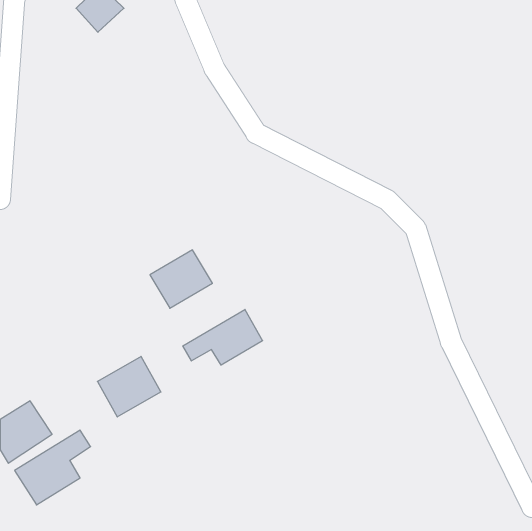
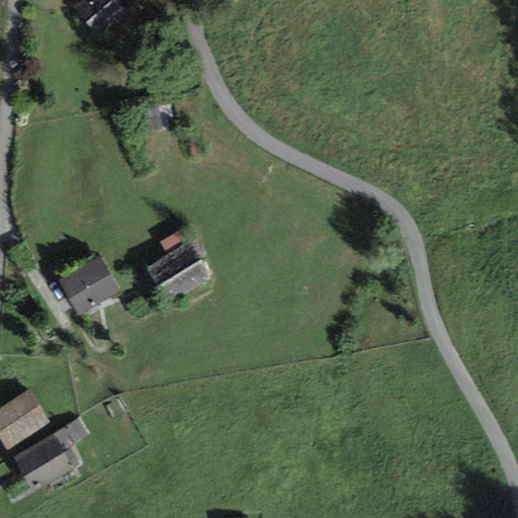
building: [183,309,263,365] -> none
building: [97,356,161,417] -> [58,256,119,315]

